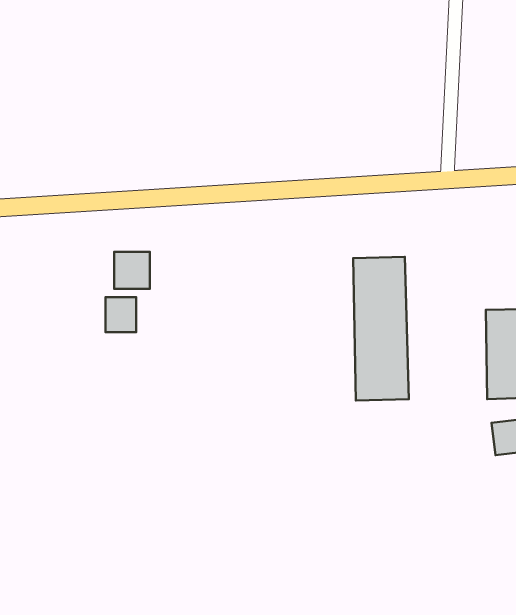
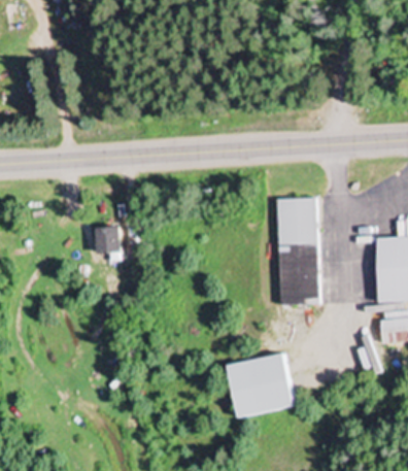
building: [114,252,150,289] -> none
building: none -> [225,352,329,416]

